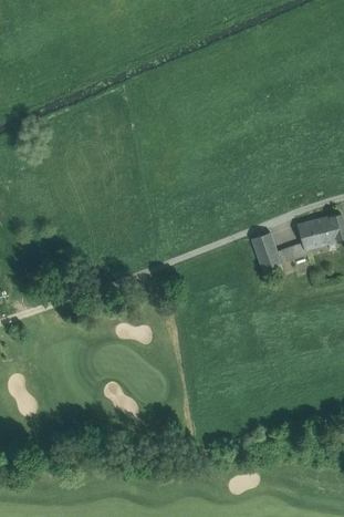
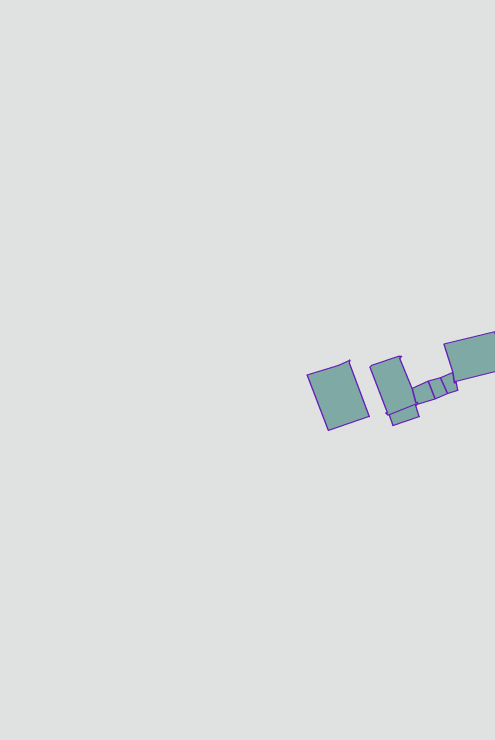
building: none -> [307,360,369,430]

